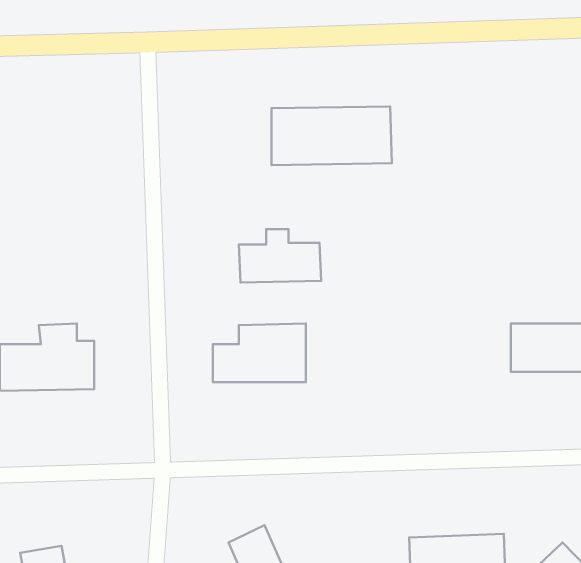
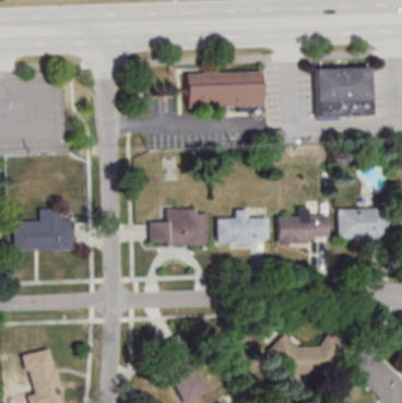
building: none -> [315,67,373,118]
building: [239,229,321,282] -> [217,210,270,244]
building: none -> [279,209,329,244]

